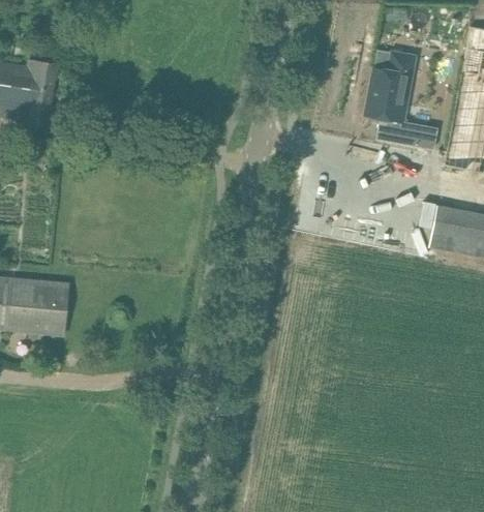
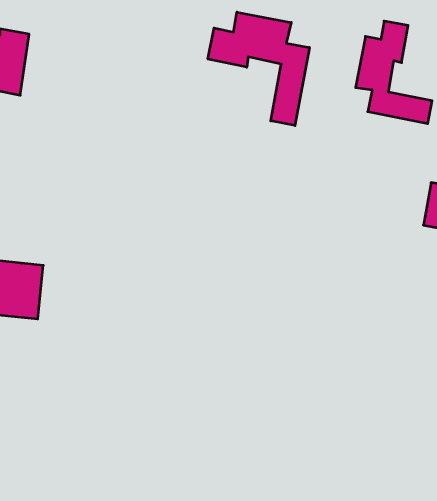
building: none -> [208,12,309,126]

